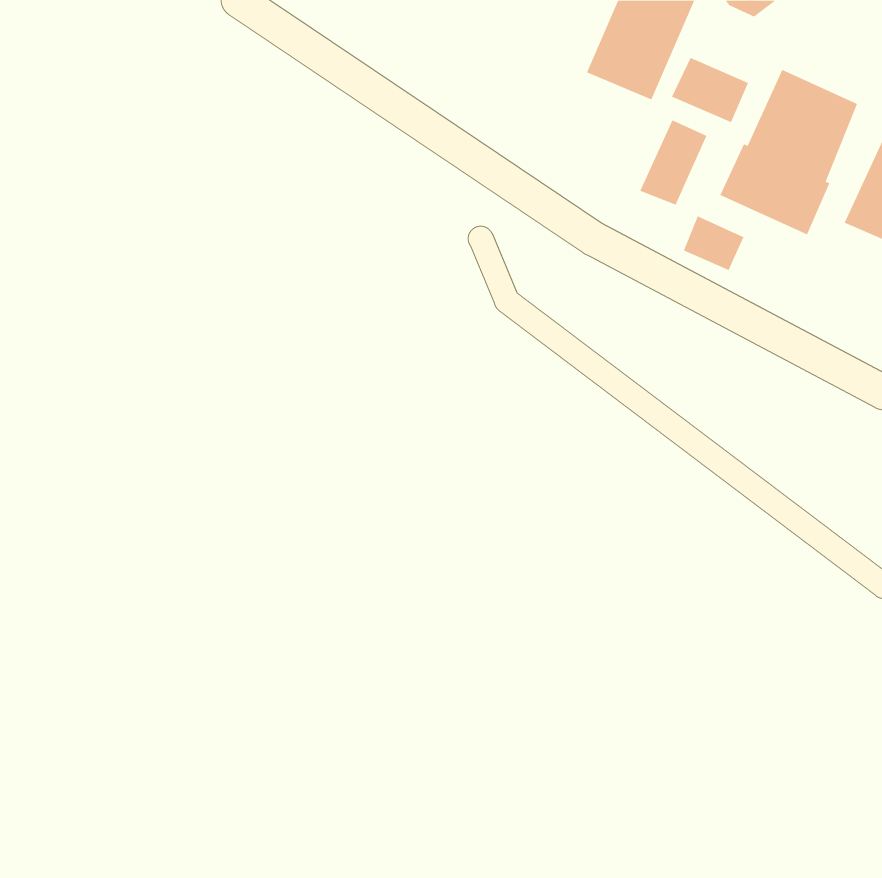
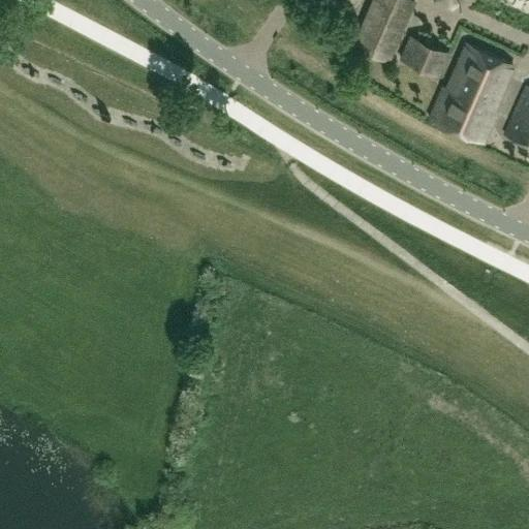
building: [640,120,707,206] -> none
building: [683,215,744,271] -> none

